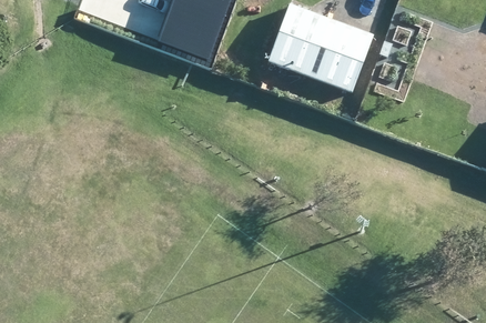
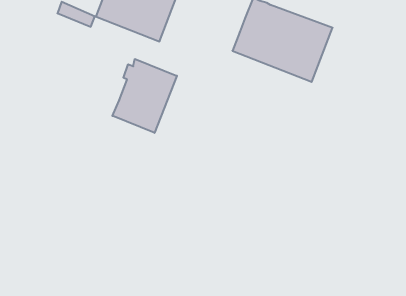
building: none -> [112,59,177,133]

